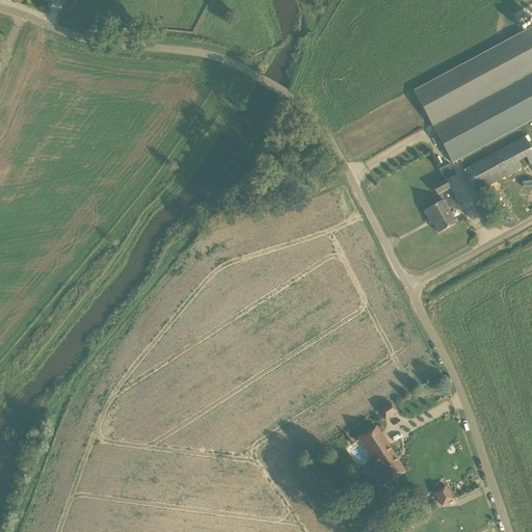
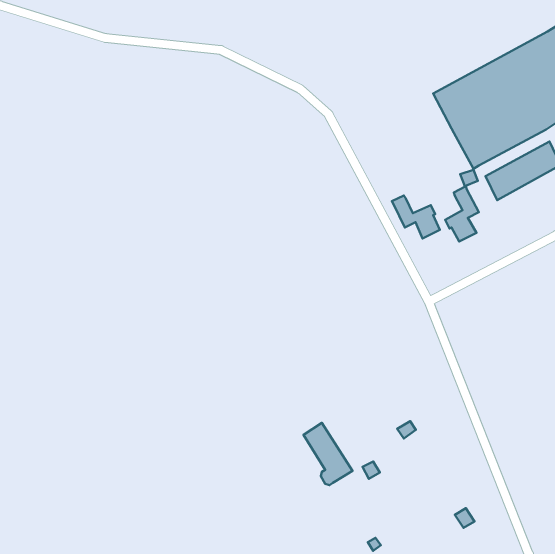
building: none -> [392,196,440,238]
building: [358,424,405,483] -> [303,423,352,485]

